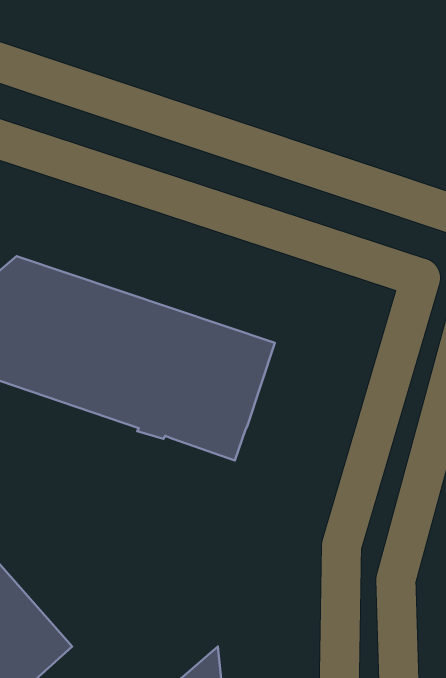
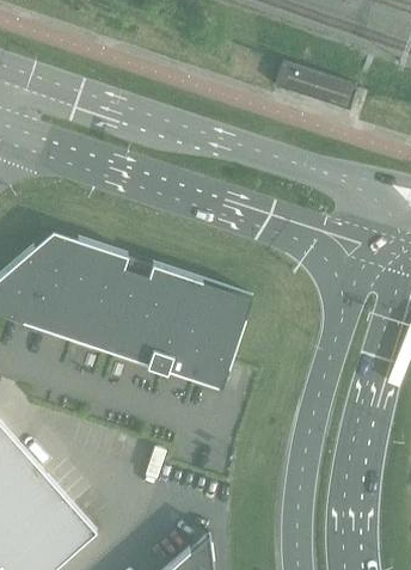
building: none -> [274,65,356,112]

